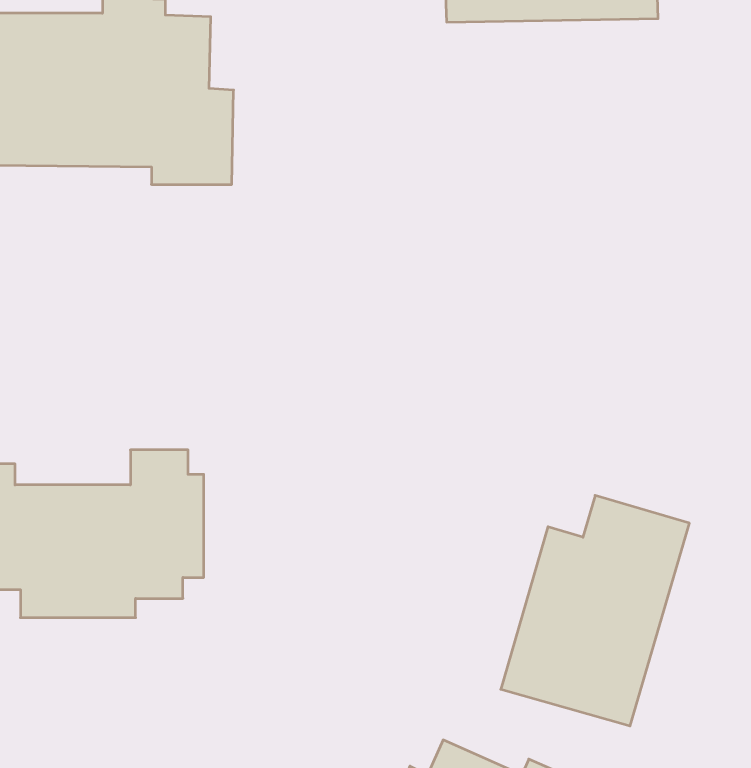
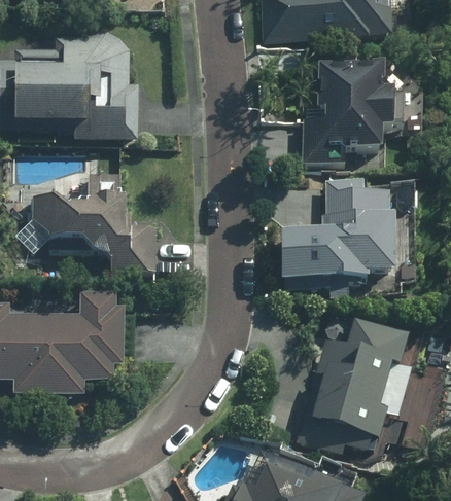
building: none -> [304,65,392,159]
building: none -> [33,171,155,266]
building: none -> [284,179,392,284]

